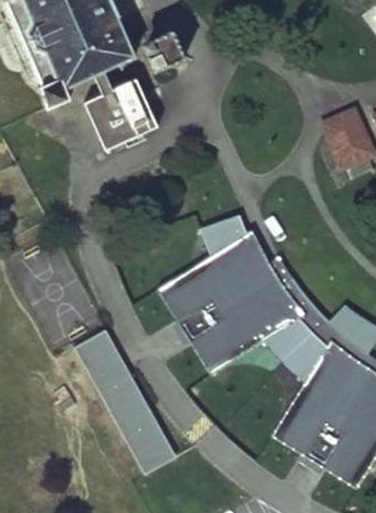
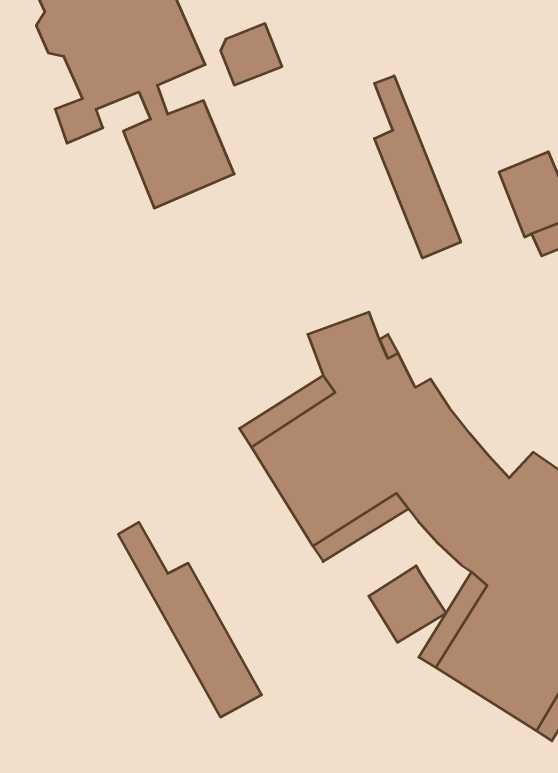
building: none -> [374,76,461,258]
building: [73,329,176,459] -> none
building: none -> [369,566,446,642]

